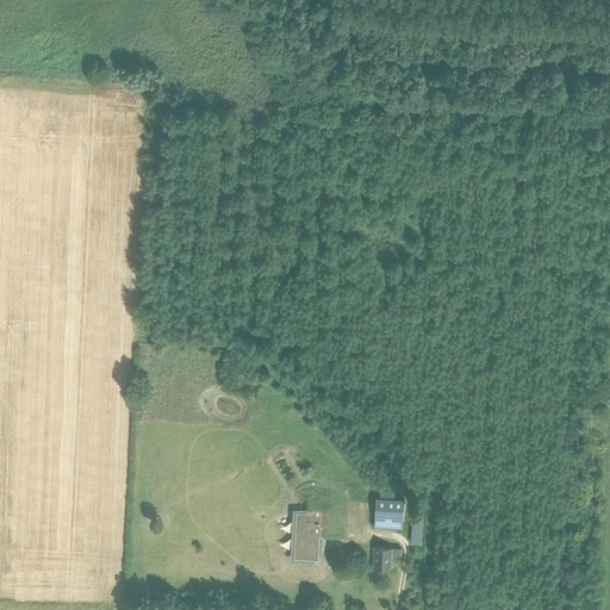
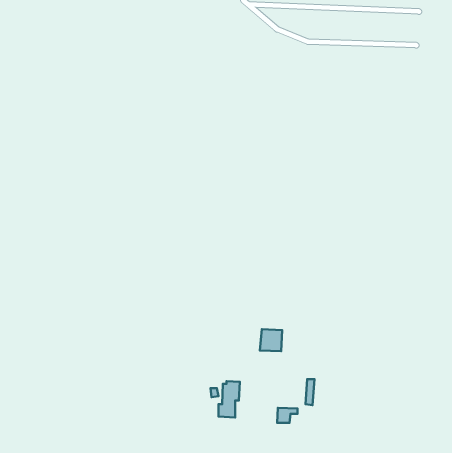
building: [372,499,402,529] -> [260,329,282,351]

